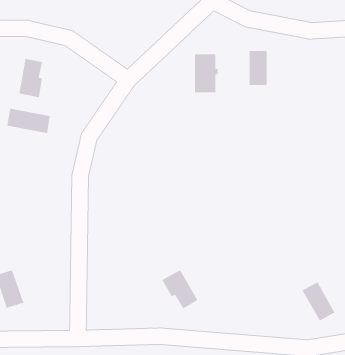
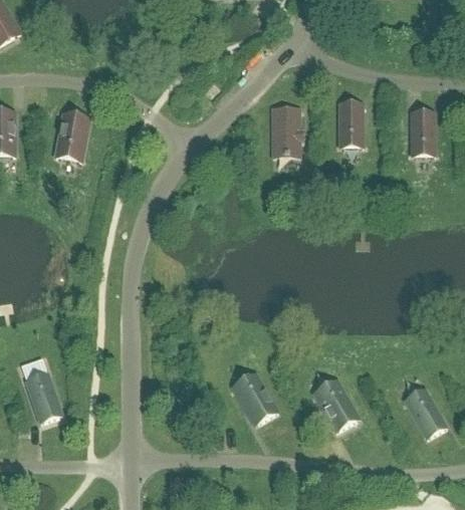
building: none -> [412,110,435,155]
building: [7,108,50,134] -> none
building: none -> [313,378,356,430]

